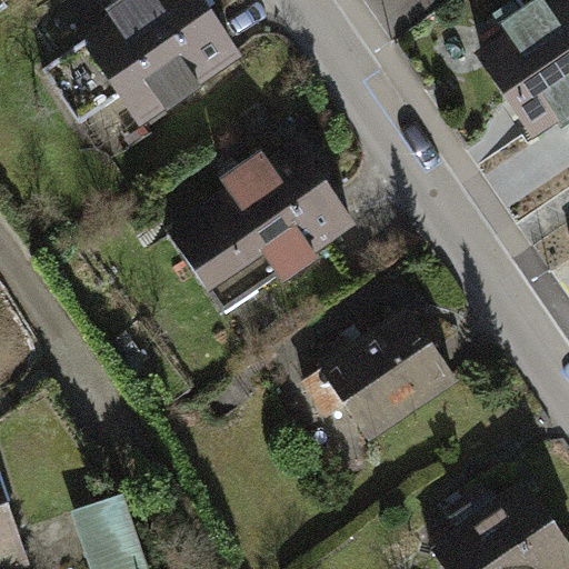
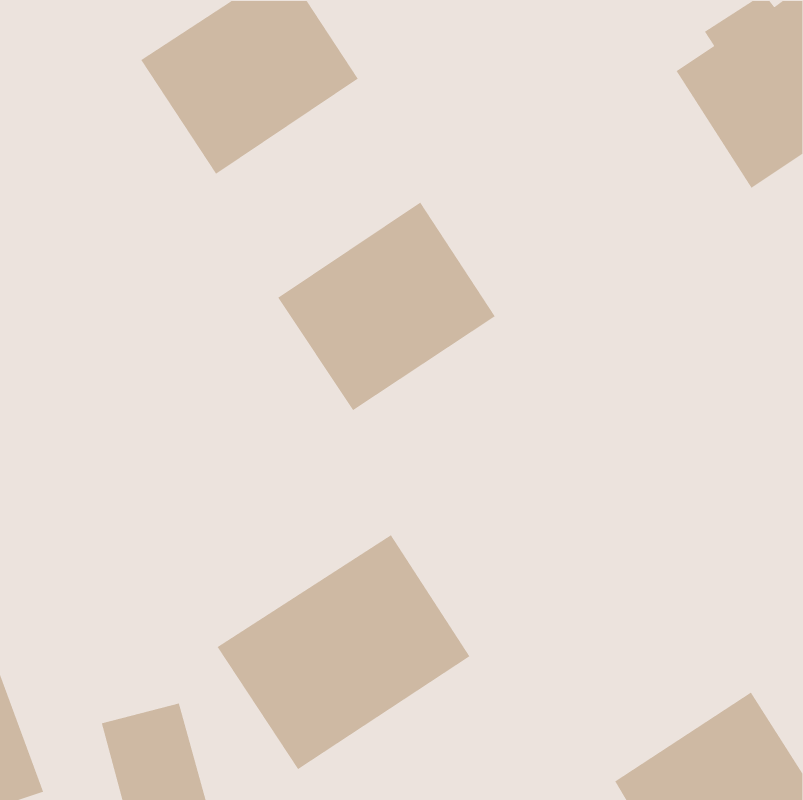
building: [296,309,456,442] -> none
building: none -> [217,534,471,770]

